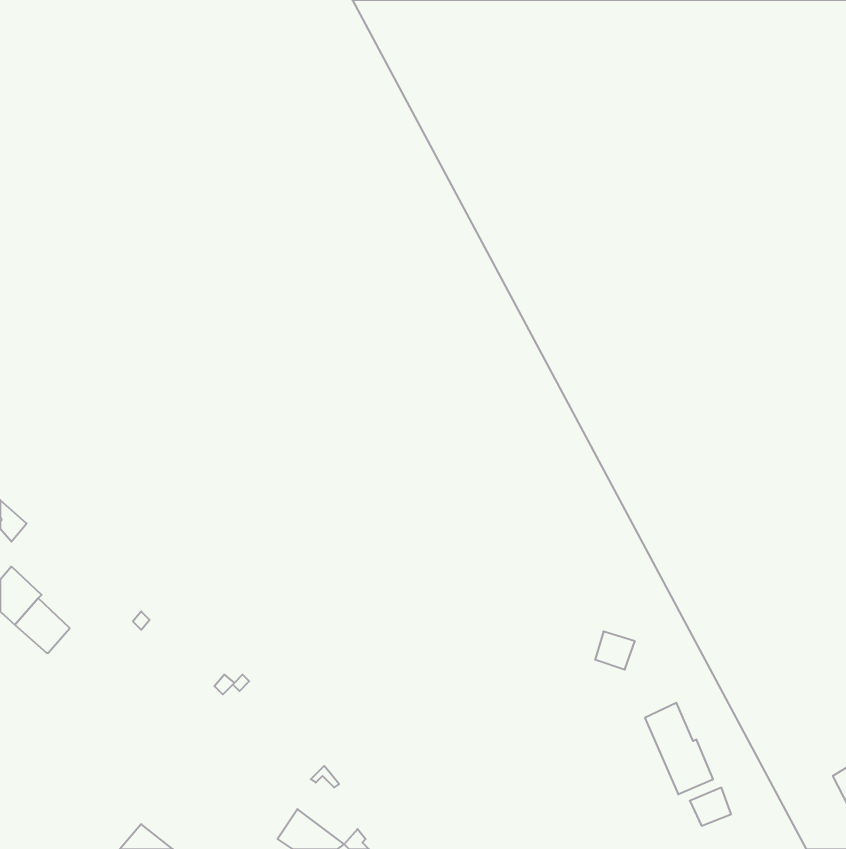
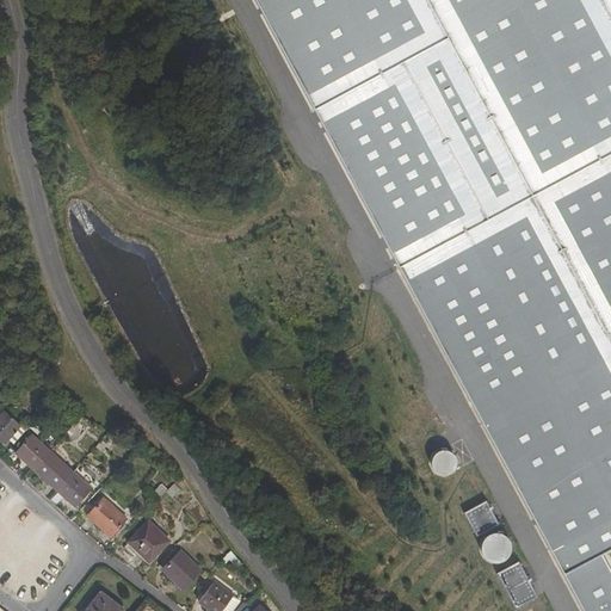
building: none -> [37,451,94,506]
building: none -> [84,493,129,536]
building: none -> [131,521,172,562]
building: none -> [165,550,204,590]

